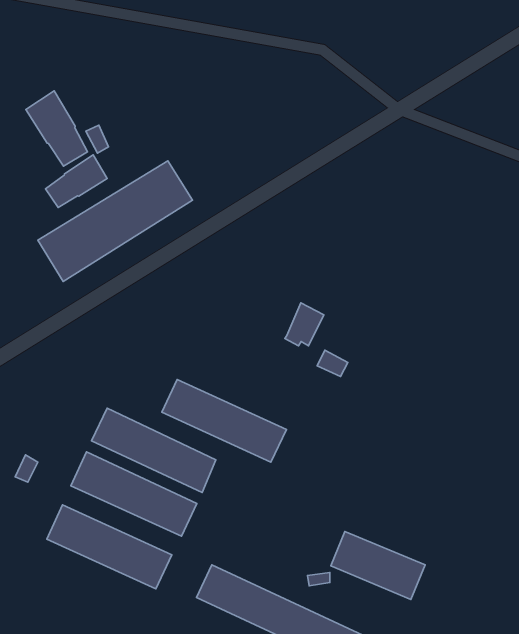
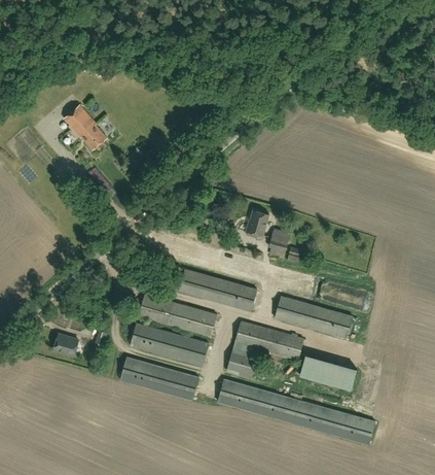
building: [46,155,107,208] -> none
building: [38,161,193,282] -> none
building: none -> [274,296,353,338]
building: none -> [226,320,303,377]

